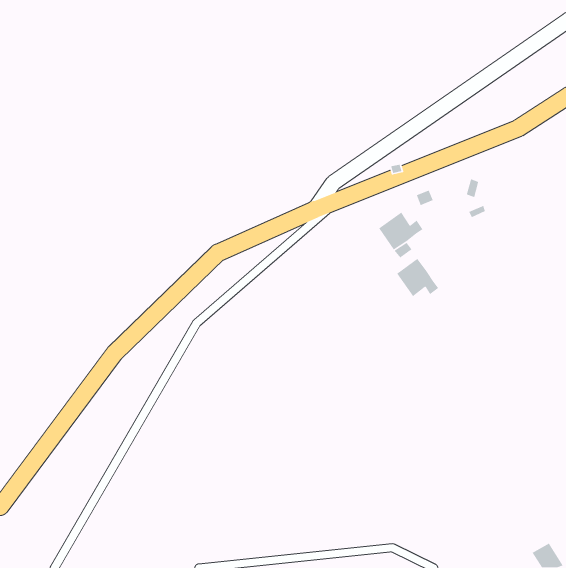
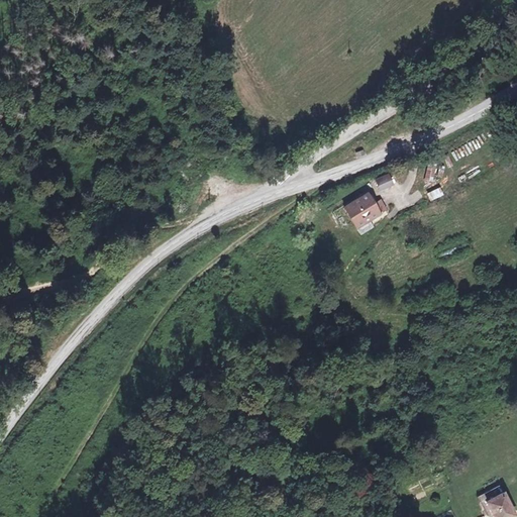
building: [396,258,439,297] -> none

